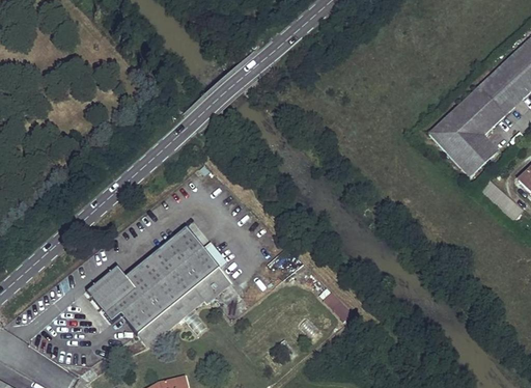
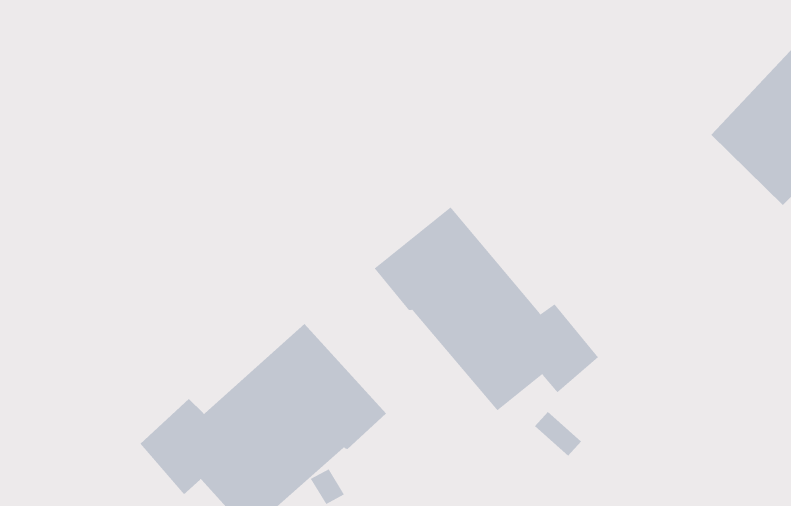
building: none -> [374,206,599,411]

